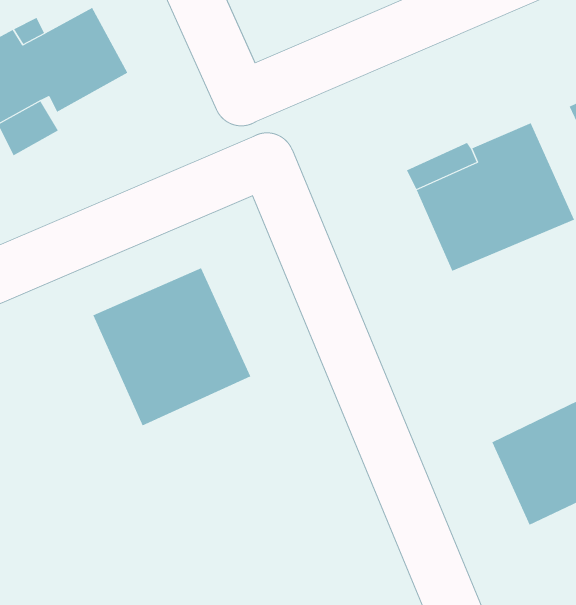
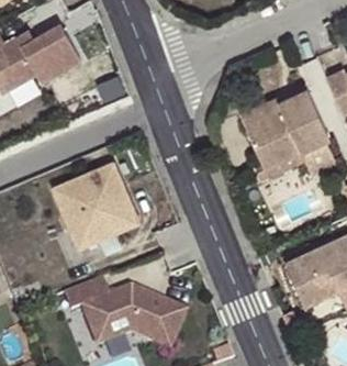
building: none -> [65,277,188,348]

